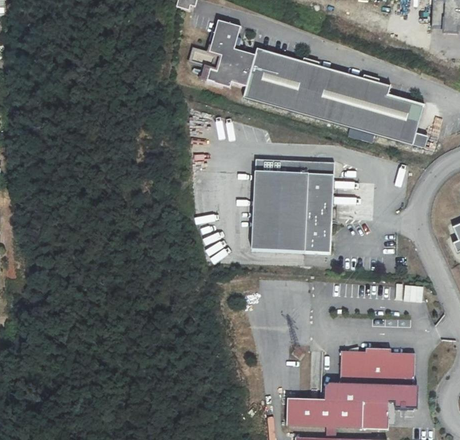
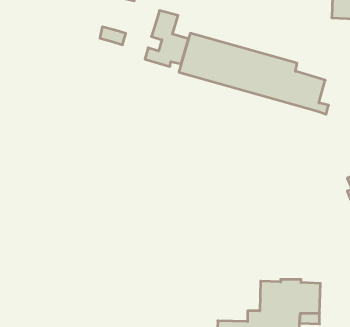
building: [190,47,222,69] -> [100,27,126,45]
building: [251,159,334,253] -> none

